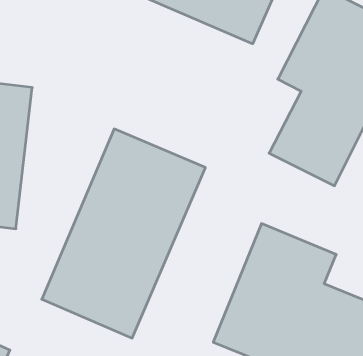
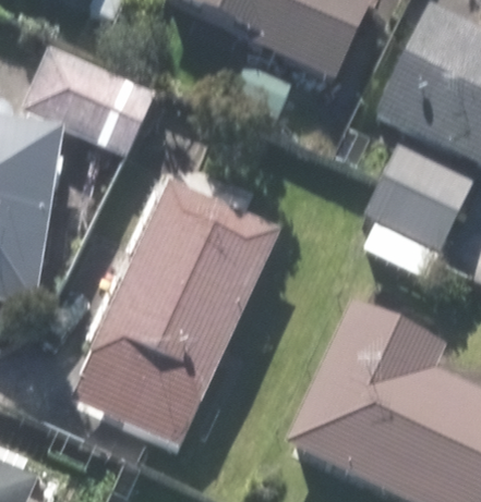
building: none -> [23,44,151,149]

